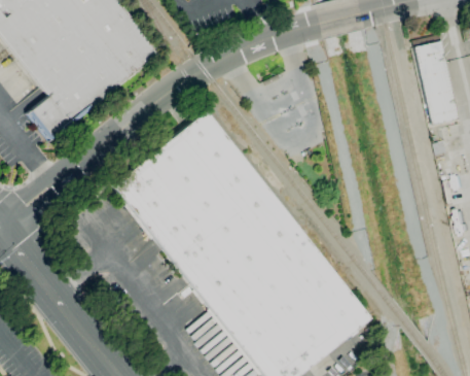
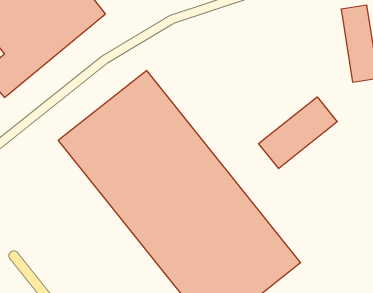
building: none -> [259,97,337,168]

